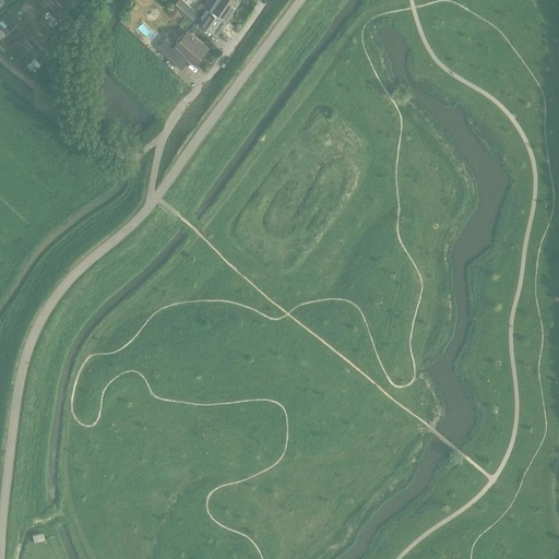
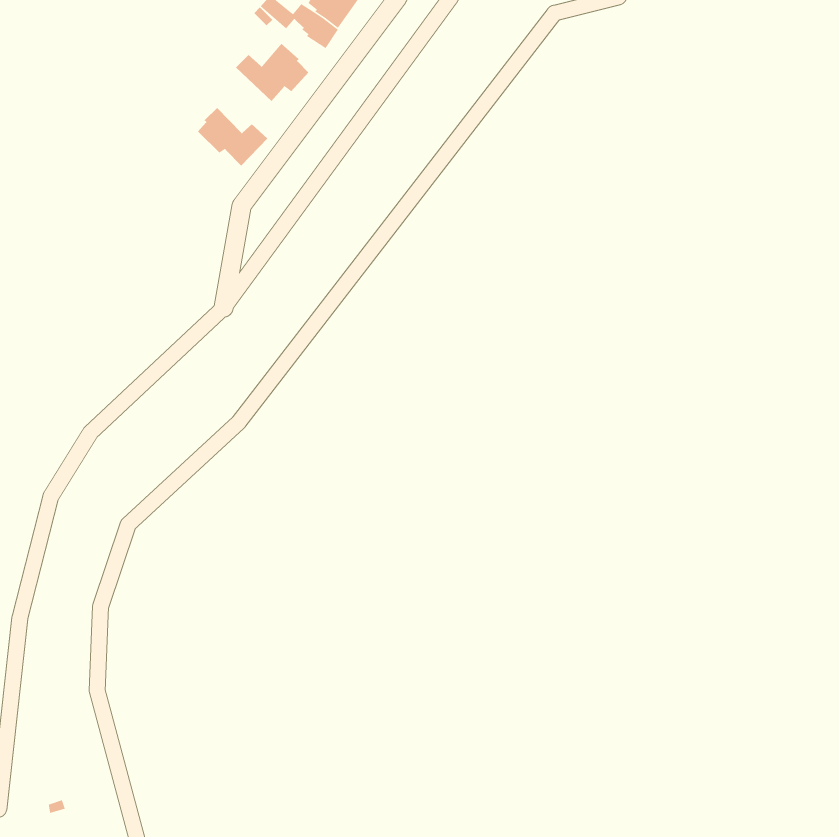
building: none -> [197,107,268,166]

